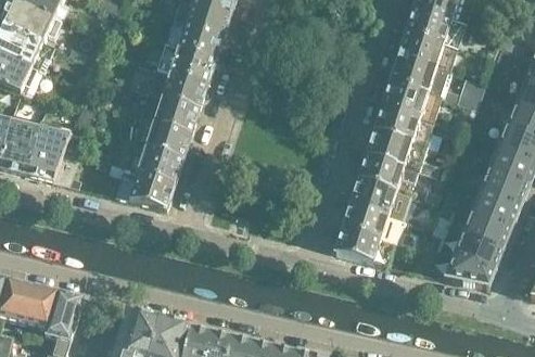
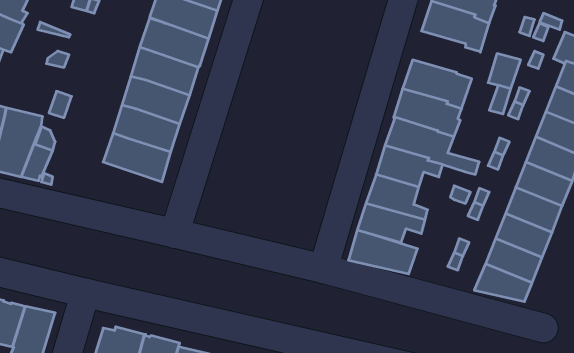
building: [392,53,449,94] -> none
building: [94,157,176,208] -> none

